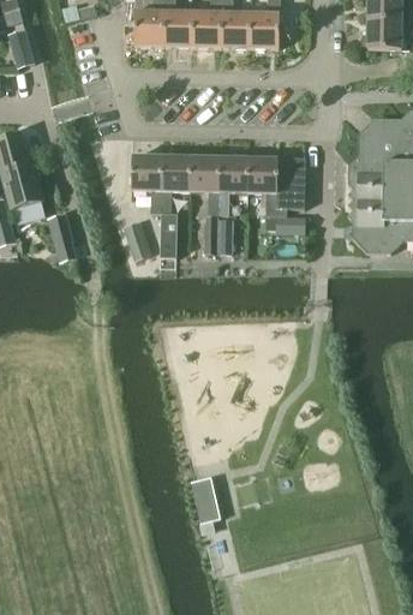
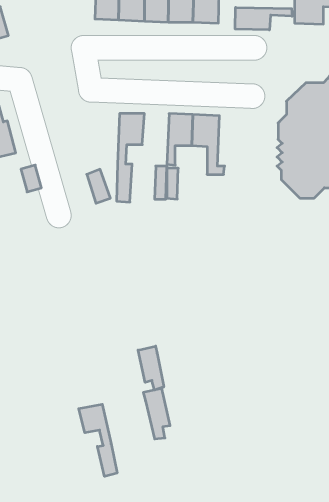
building: none -> [235,7,292,30]
building: [131,151,163,213] -> none
building: [190,154,221,213] -> none
building: [277,156,307,215] -> none
building: none -> [138,346,164,390]
building: none -> [79,404,117,476]

